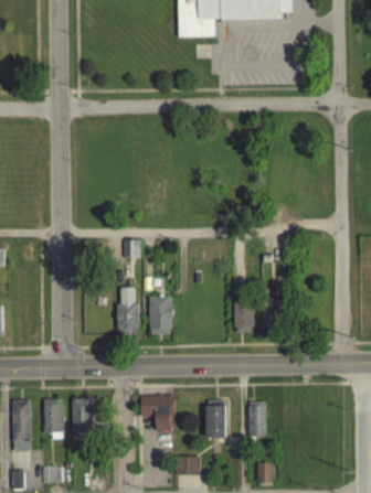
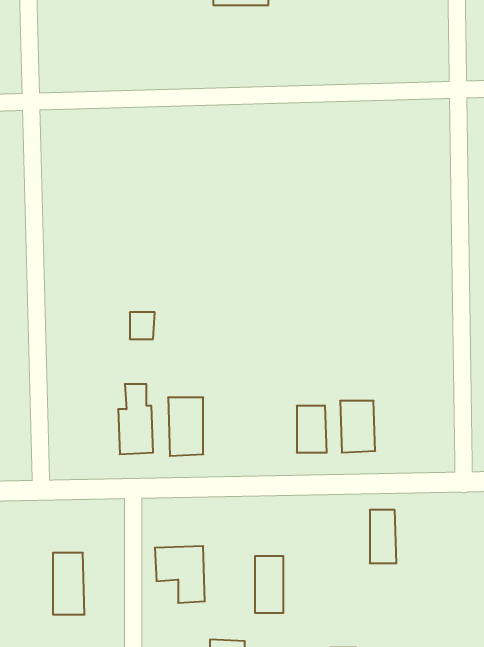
building: [43,398,64,432] -> none
building: [248,400,266,436] -> [370,510,396,563]

